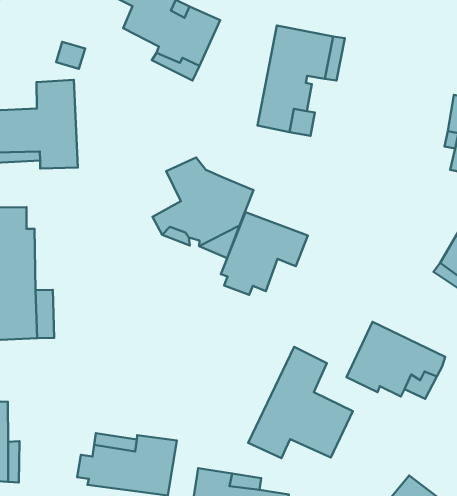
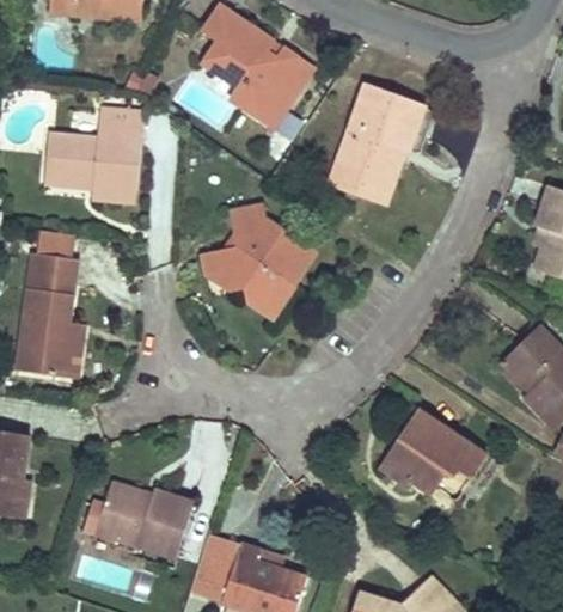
building: [221,212,308,295] -> none
building: [248,347,353,458] -> none

